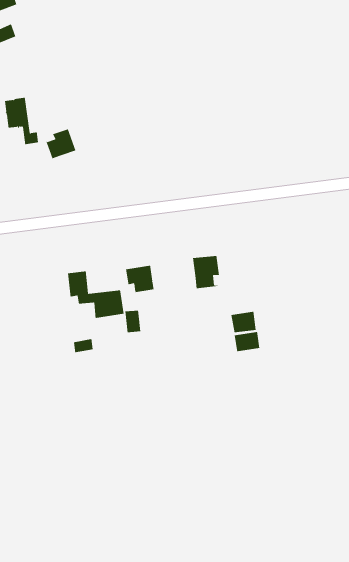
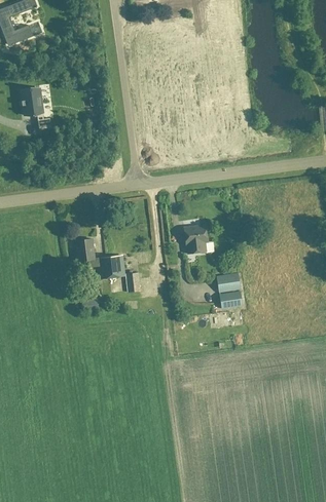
building: [45,128,76,159] -> none
building: [126,265,154,293] -> none

